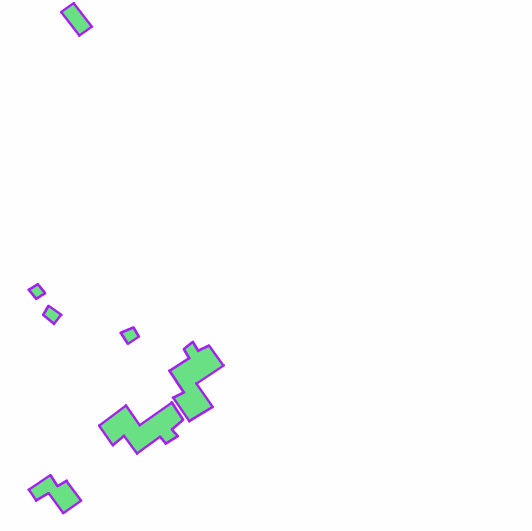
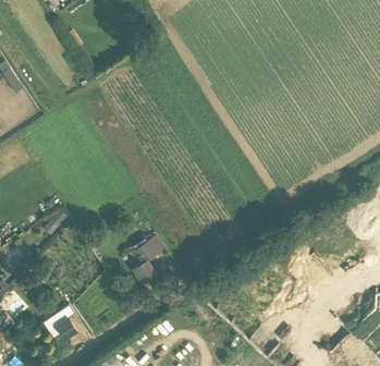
building: [99,402,183,454] -> none

